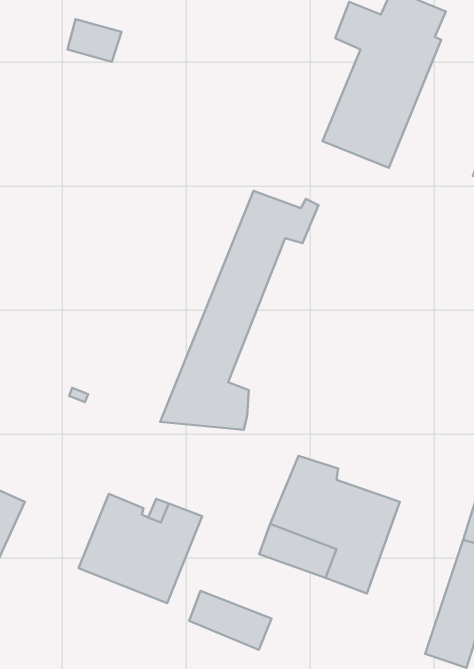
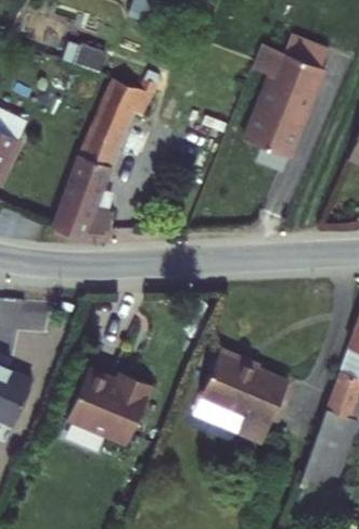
building: [160,191,318,430] -> [46,75,154,239]
building: [189,591,271,650] -> none

